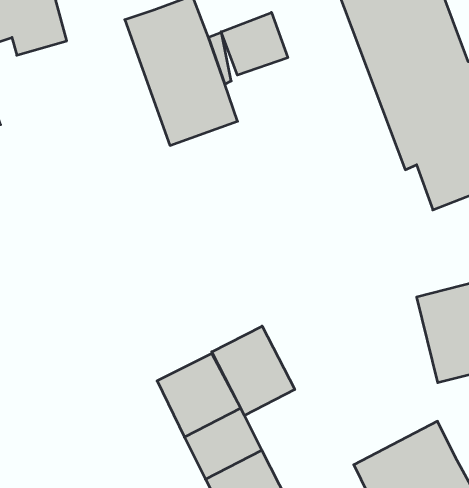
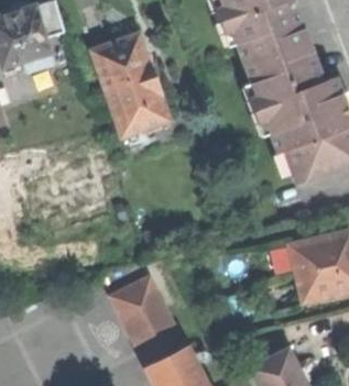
building: [221,12,288,75] -> none
building: [212,326,295,415] -> none

